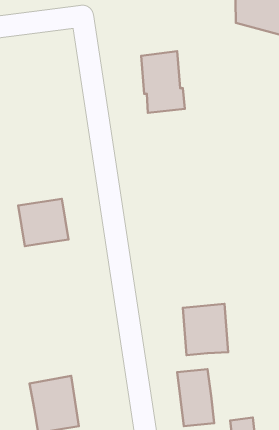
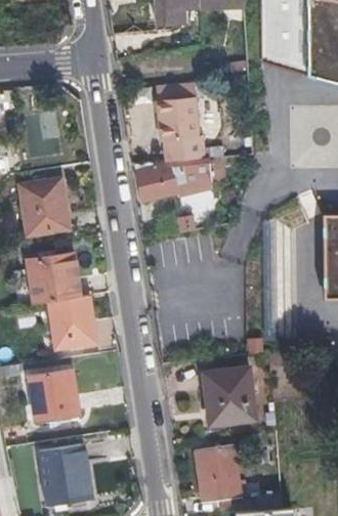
building: none -> [134,155,215,199]
building: none -> [22,180,71,231]
building: none -> [47,295,97,349]
building: none -> [30,370,79,421]

